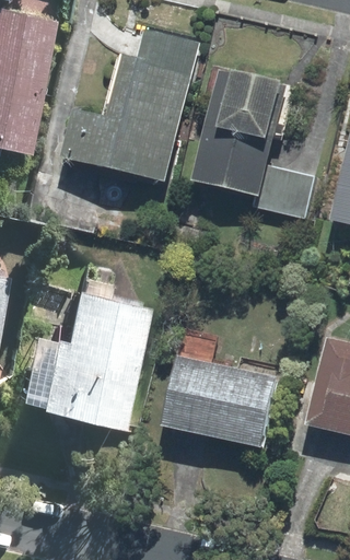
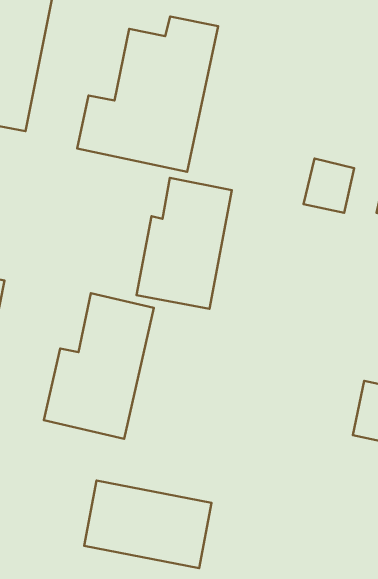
building: [196,79,280,195] -> [137,178,232,309]
building: [164,364,277,442] -> [84,481,212,568]

